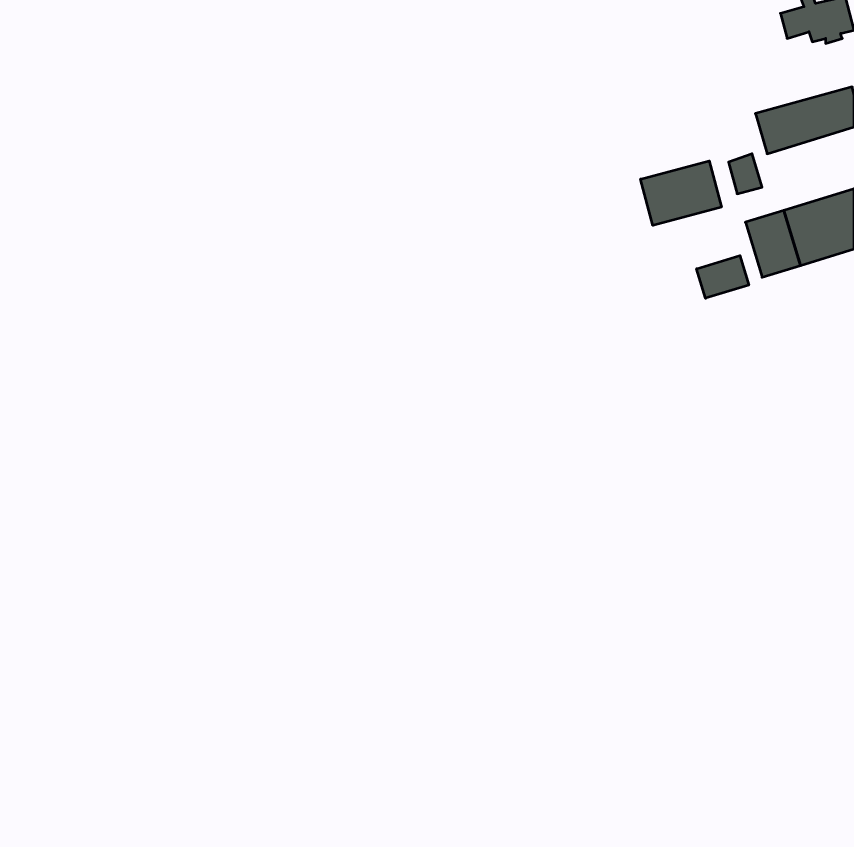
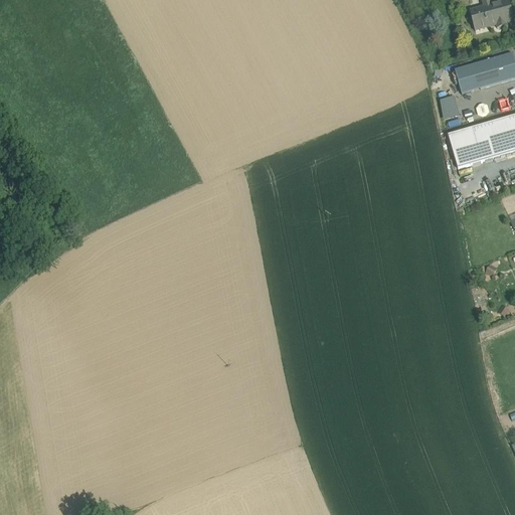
building: [641,161,721,225] -> none
building: [697,256,749,298] -> none

